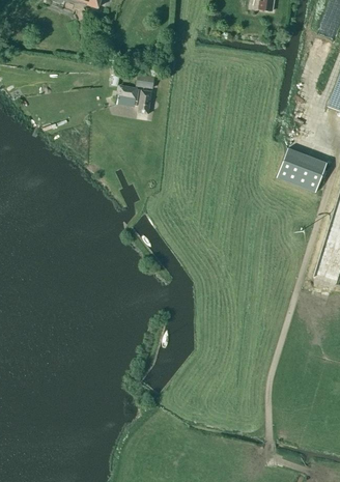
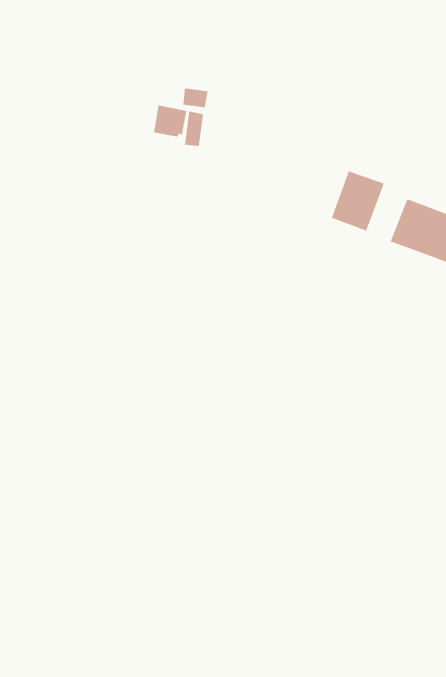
building: none -> [331,171,384,232]

